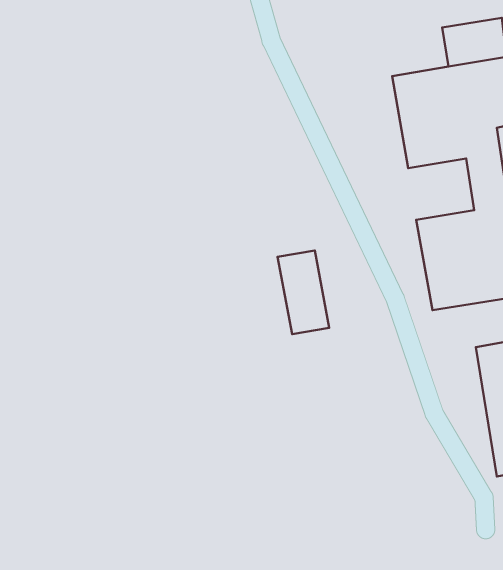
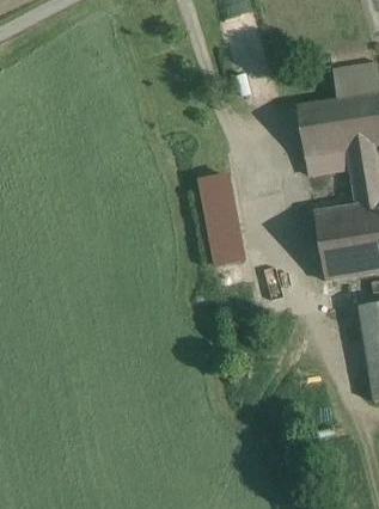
building: none -> [197,157,238,239]

